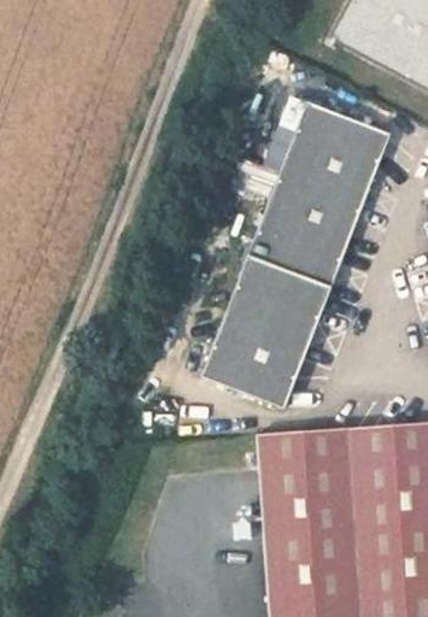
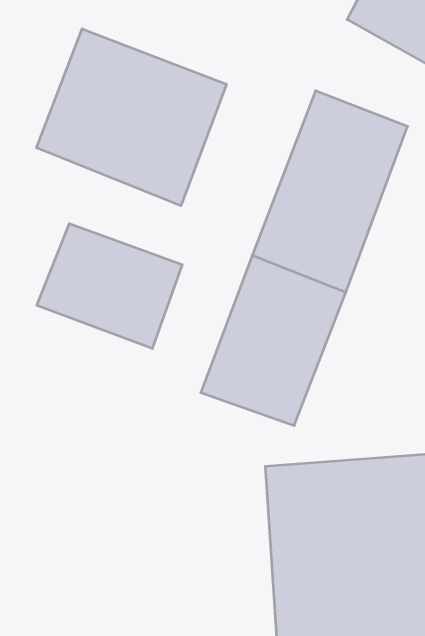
building: none -> [37,29,226,206]
building: none -> [37,224,182,349]

